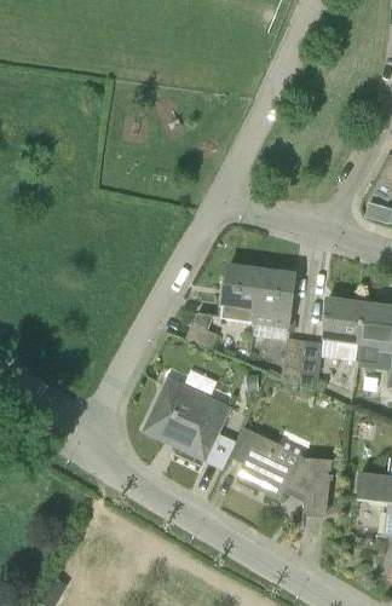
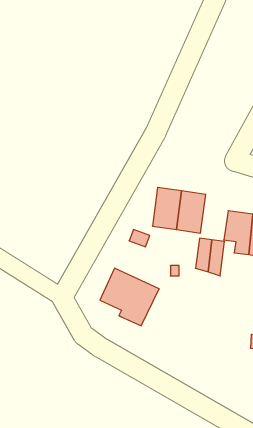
building: [229,427,334,515] -> none

